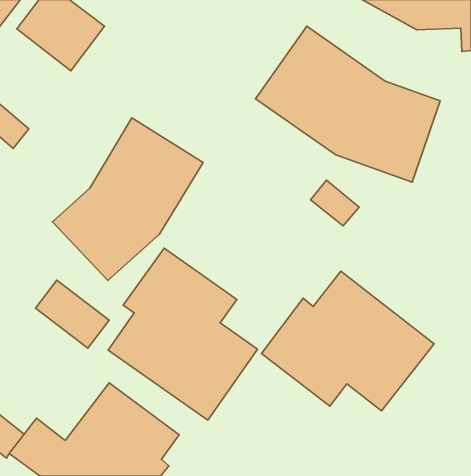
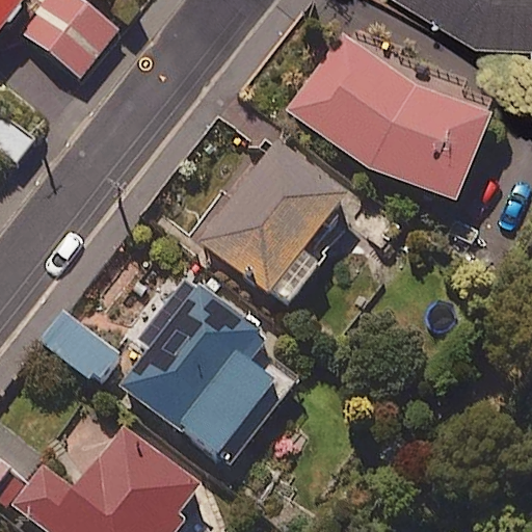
building: [52,118,203,281] -> none
building: none -> [197,139,346,305]
building: [262,271,434,411] -> none

